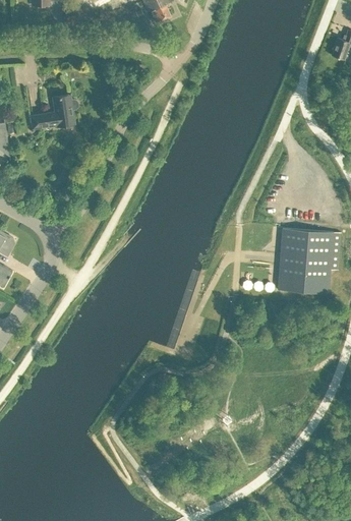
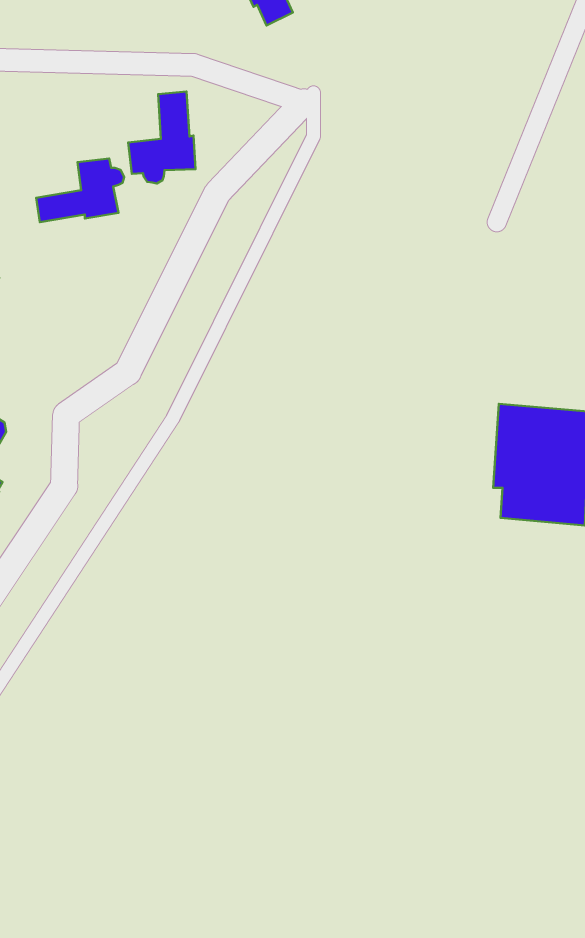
building: none -> [128,92,196,183]

